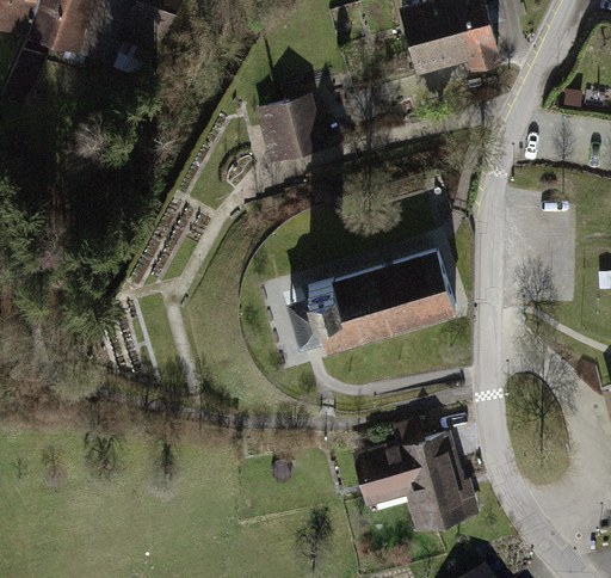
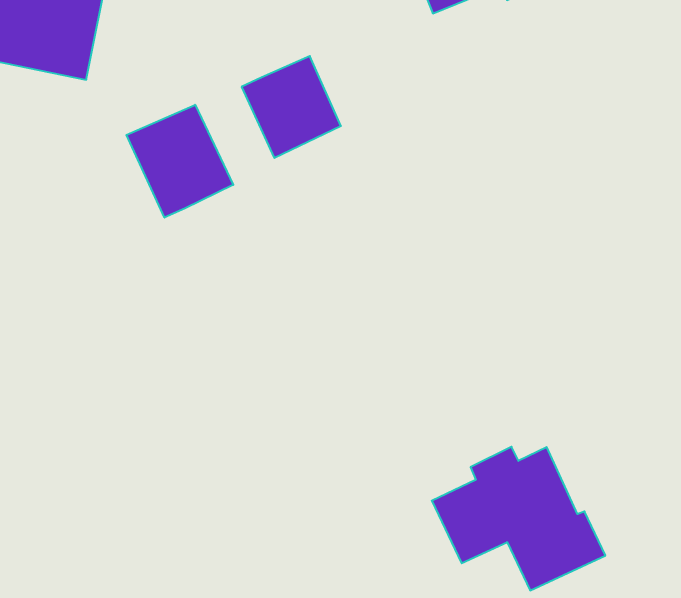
building: none -> [126,105,233,218]
building: [283,253,455,348] -> none

